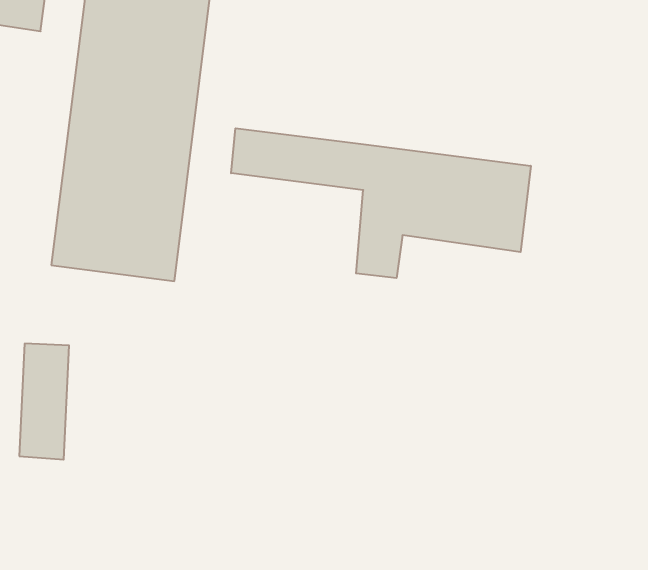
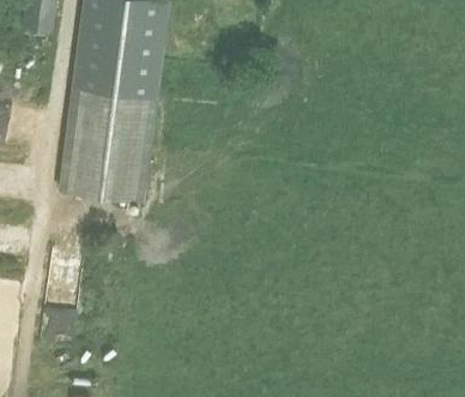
building: [231,128,531,278] -> none

